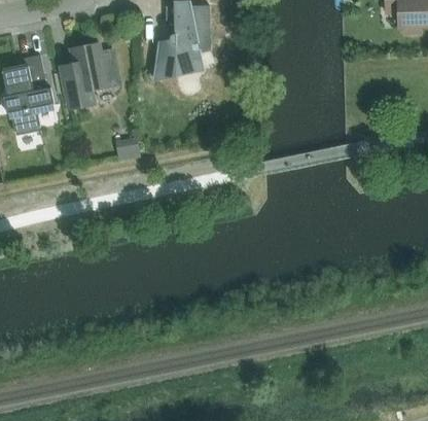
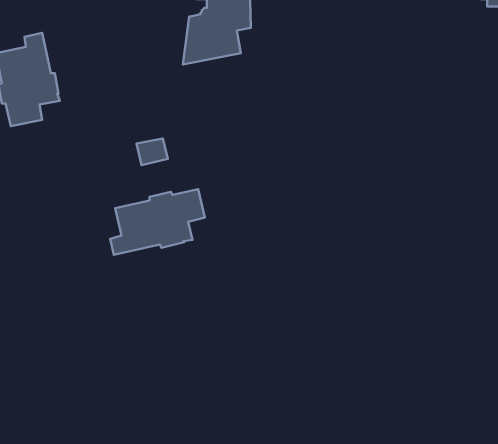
building: [61,44,121,110] -> none
building: none -> [110,189,205,255]

